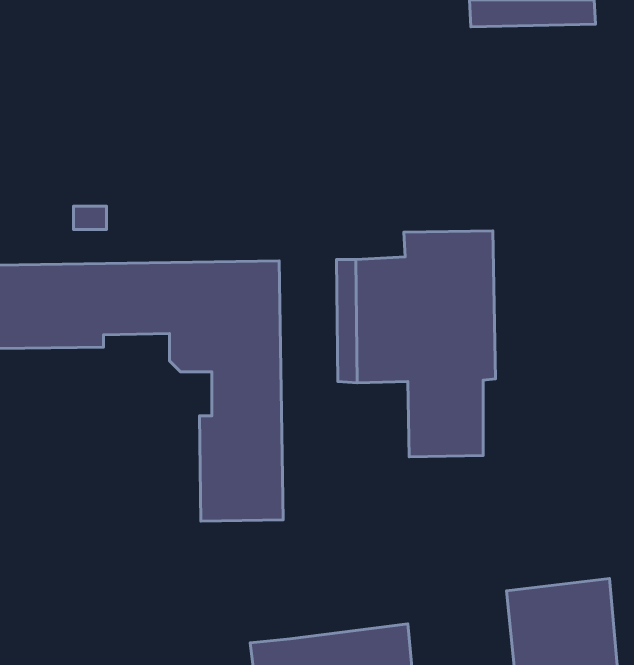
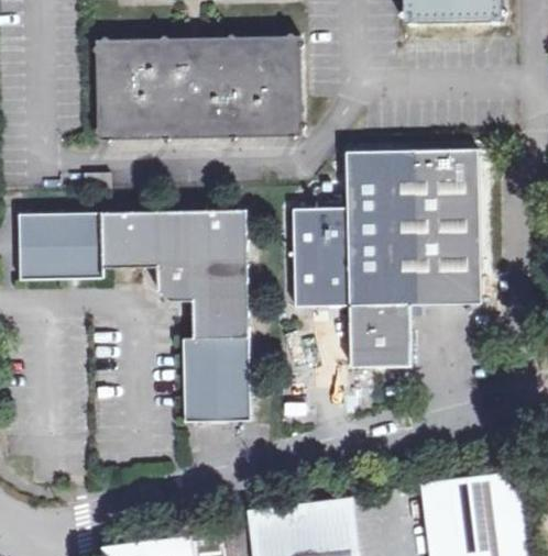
building: none -> [95,33,298,134]
building: none -> [346,149,482,304]

